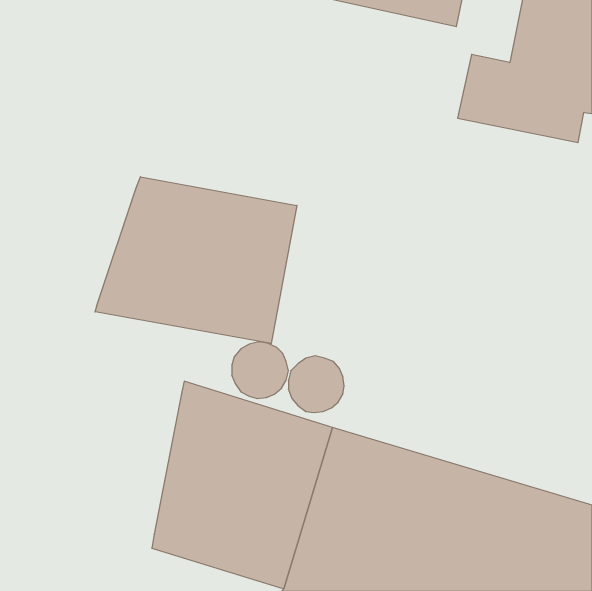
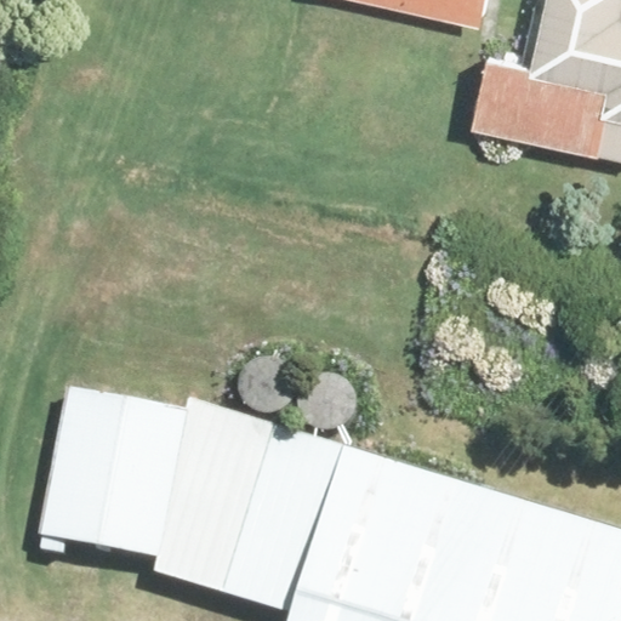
building: [95,177,297,344] -> none
building: none -> [45,388,190,559]

